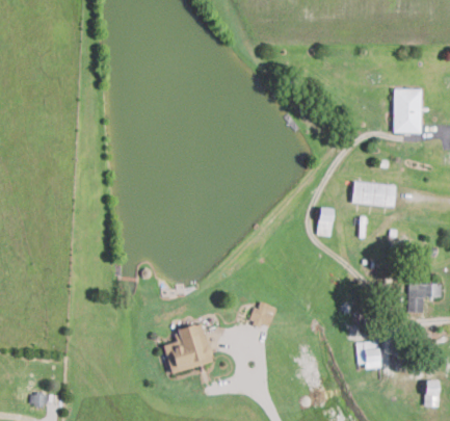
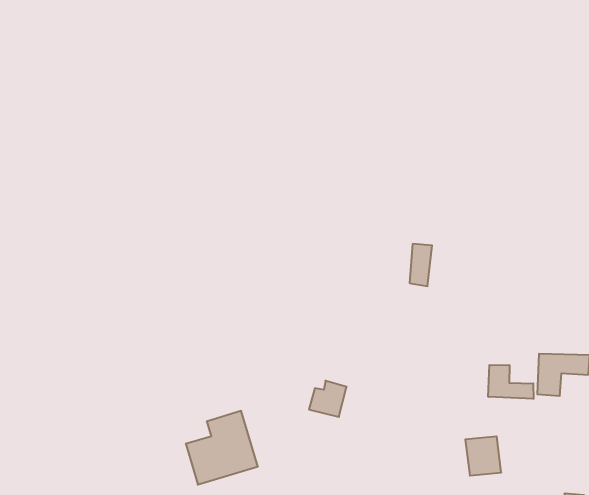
building: [394,88,422,132] -> none
building: [352,182,396,205] -> none
building: none -> [488,365,533,399]

